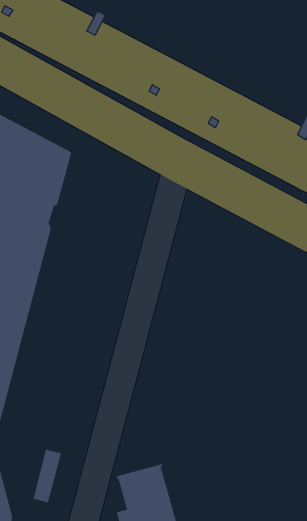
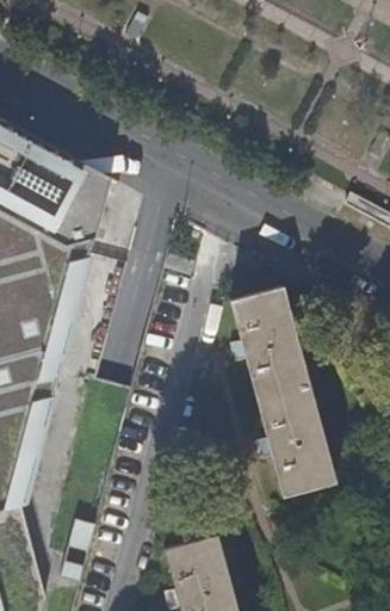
building: none -> [230,285,338,498]

